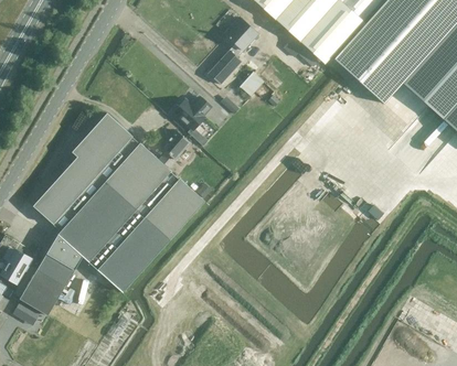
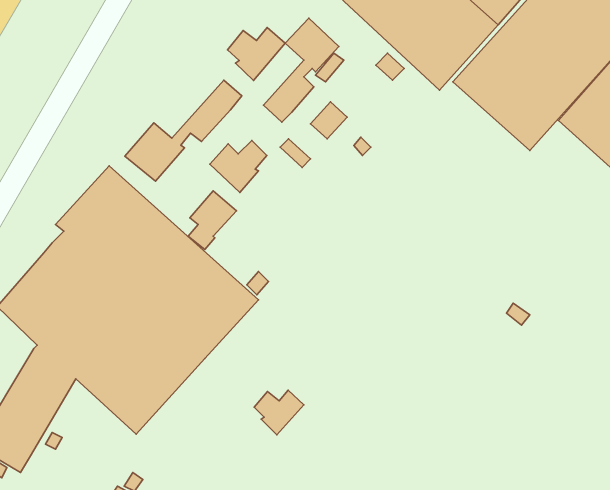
building: none -> [227,28,285,81]
building: none -> [125,80,242,181]
building: none -> [254,390,304,435]

